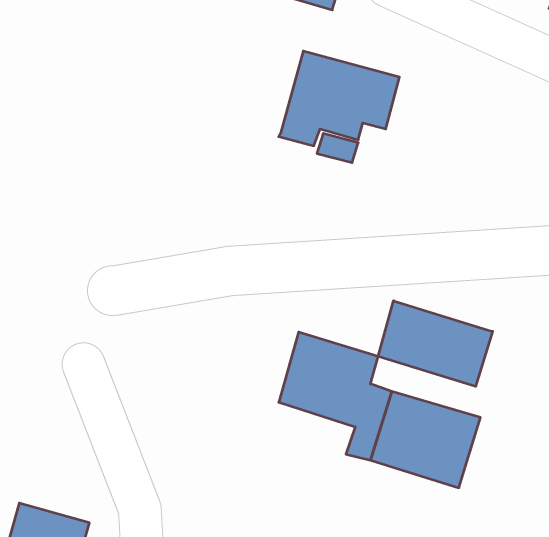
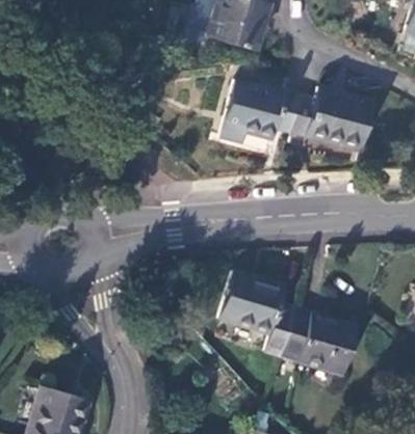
building: none -> [291,87,374,152]
building: [378,301,493,386] -> none

